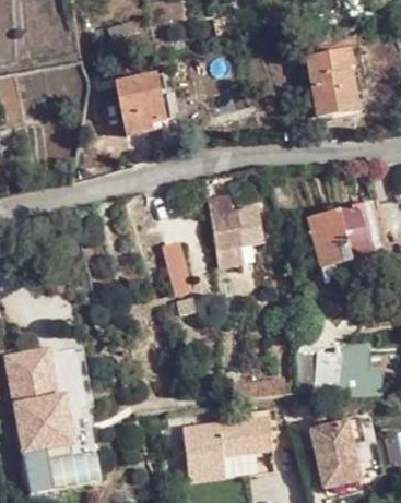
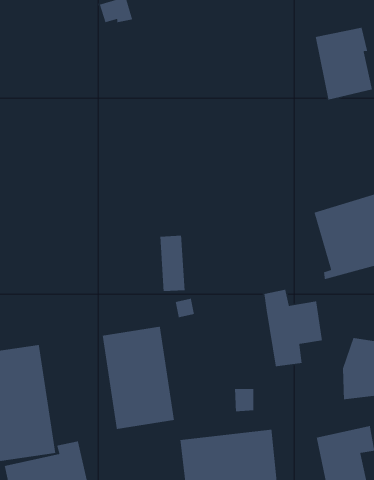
building: [118,75,166,135] -> none
building: [209,194,263,266] -> [263,289,323,367]
building: none -> [102,326,175,430]

